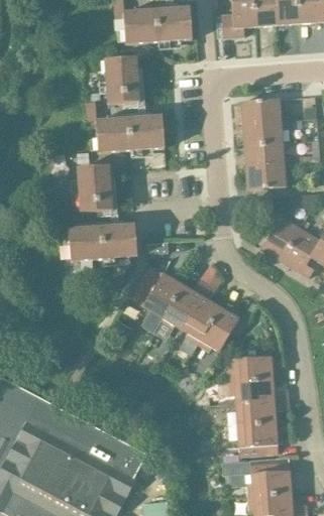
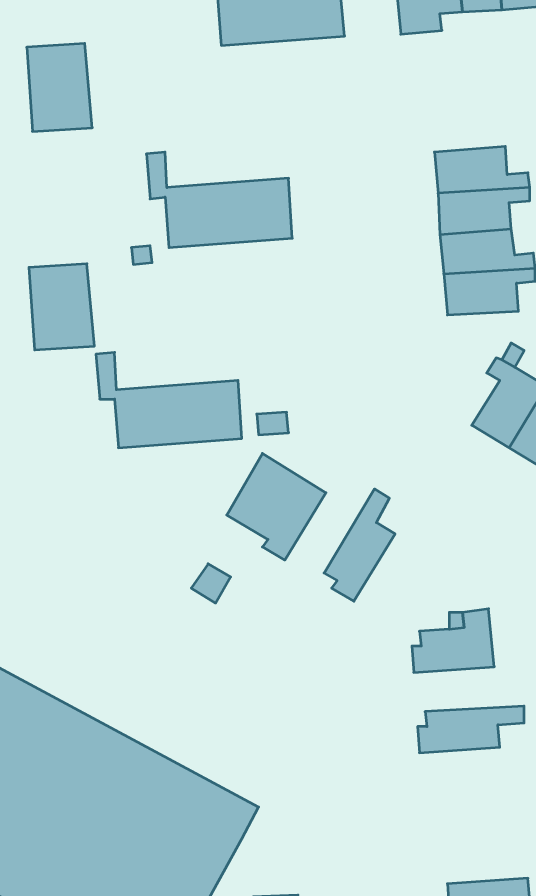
building: [104,56,139,104] -> [27,43,92,131]
building: [77,165,112,212] -> [29,264,94,350]
building: [159,277,208,328] -> none
building: [197,306,246,351] -> none
building: [229,378,289,402] -> none
building: [232,421,278,455] -> none
building: [246,462,291,495] -> none

